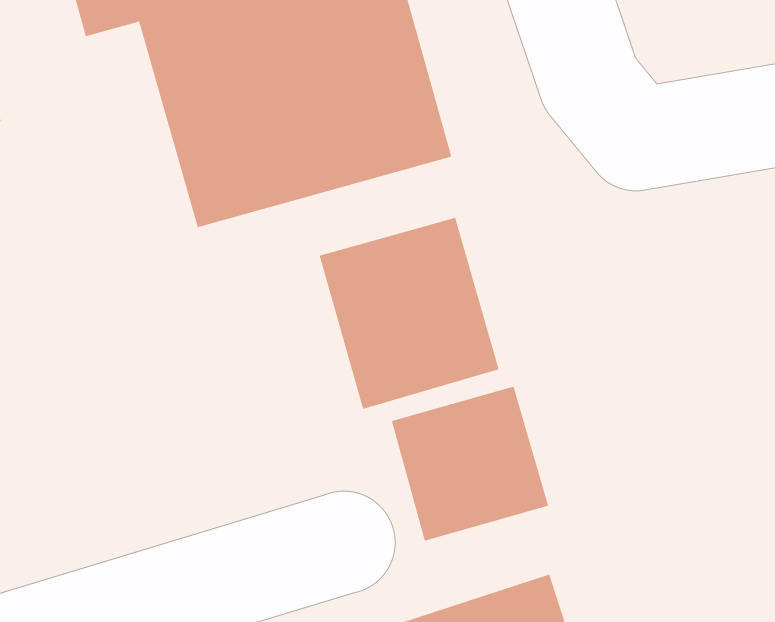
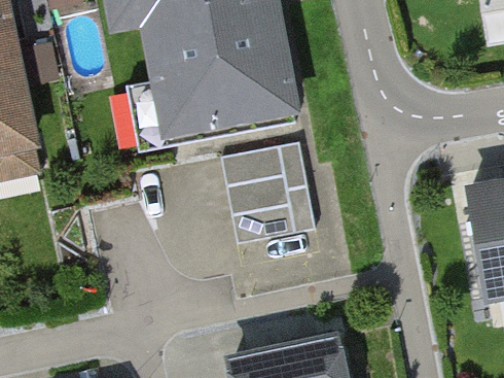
building: [391,386,549,541] -> none

